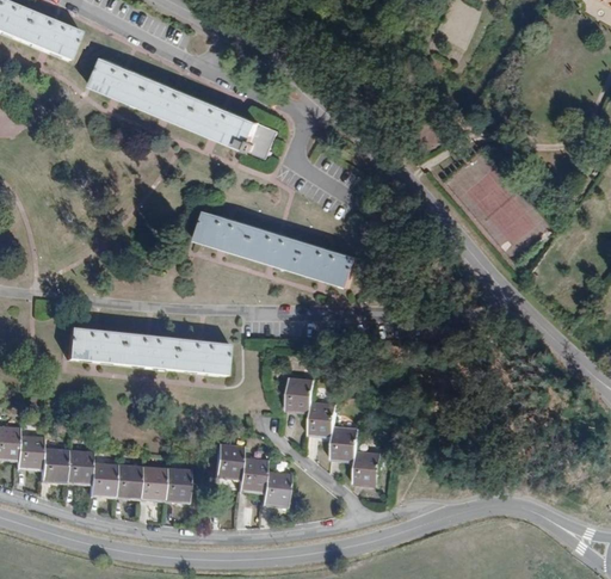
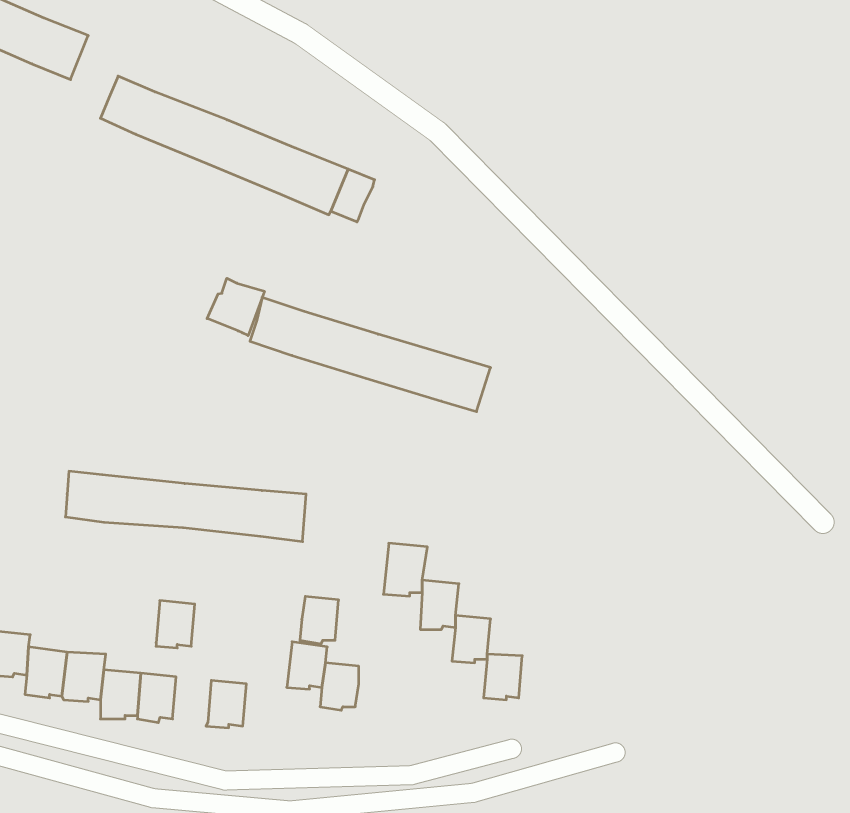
building: none -> [207,278,264,336]
building: [140,467,166,499] -> [156,601,195,648]
building: [263,472,289,504] -> [300,596,339,644]

